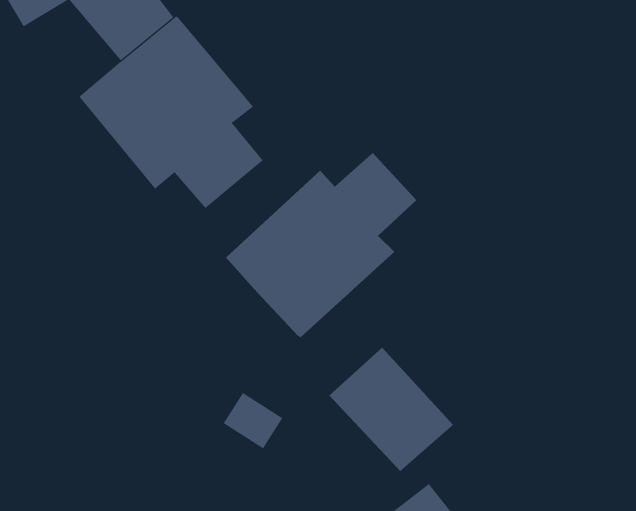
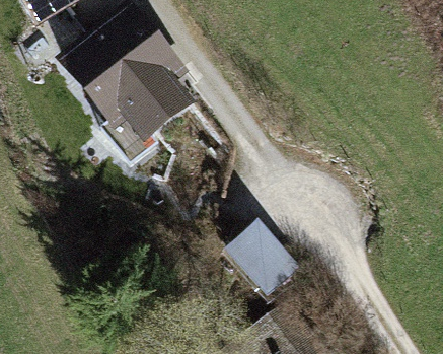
building: [225,152,417,338] -> none

